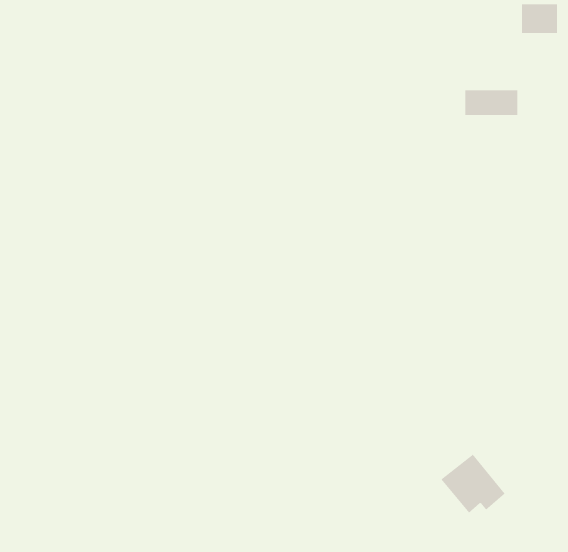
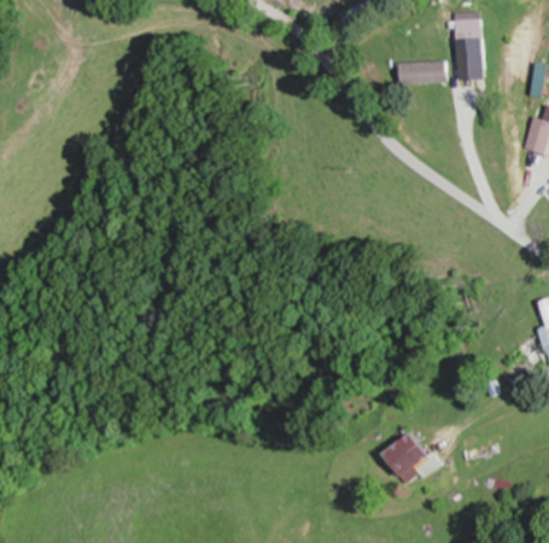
building: [464,90,518,115] -> [401,62,446,83]

